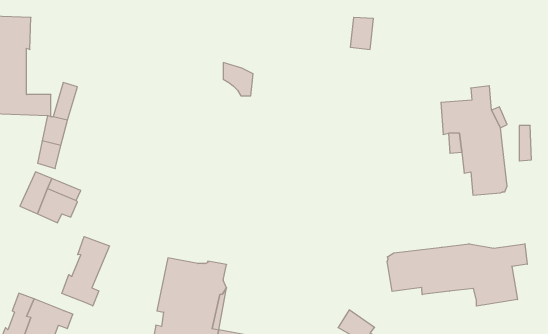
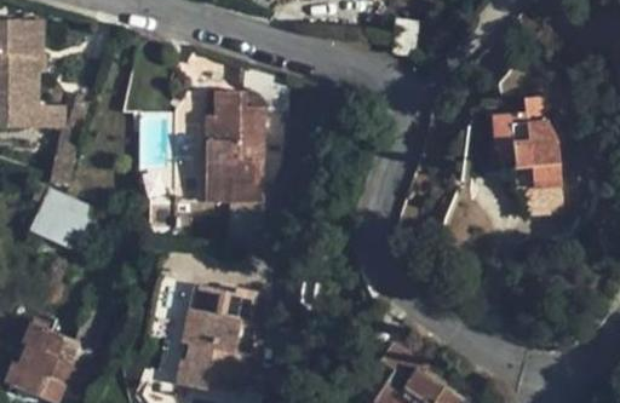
building: none -> [206,91,264,246]
building: [62,237,109,306] -> none
building: [387,244,527,306] -> none

